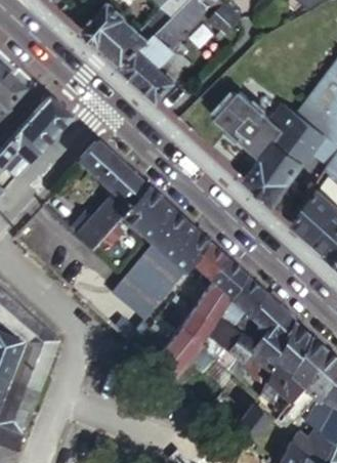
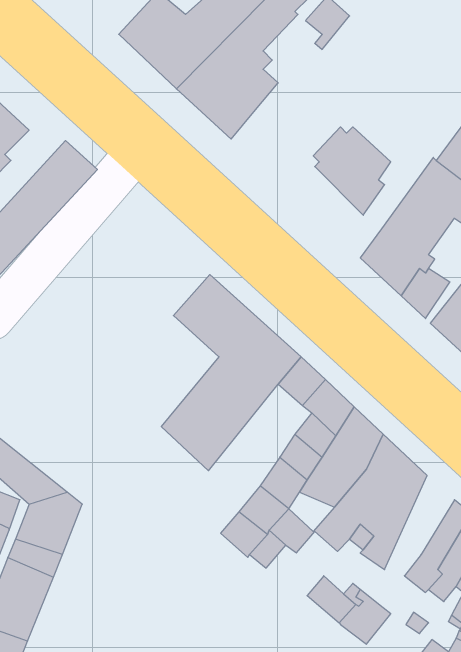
building: [250,97,297,158] -> none
building: [73,142,146,248] -> none
building: [261,324,311,402] -> none

